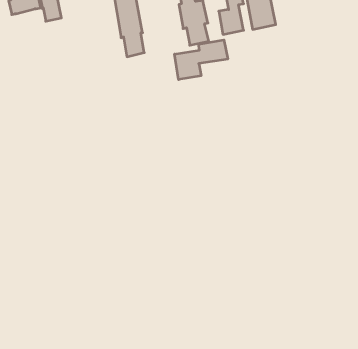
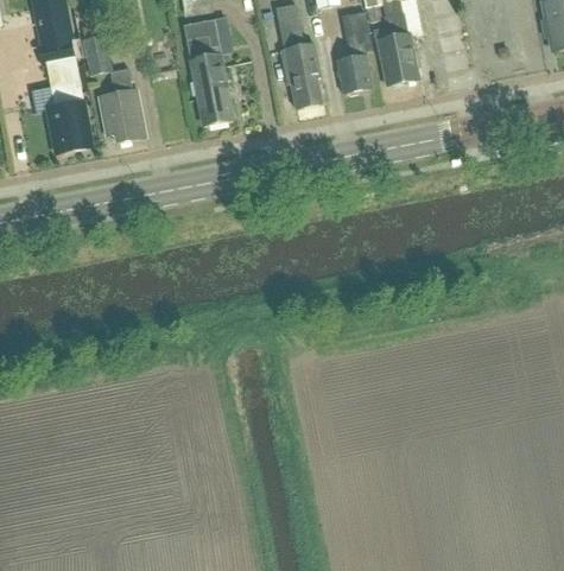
building: none -> [99,68,145,142]
building: none -> [47,80,93,151]
building: [175,40,228,80] -> none

